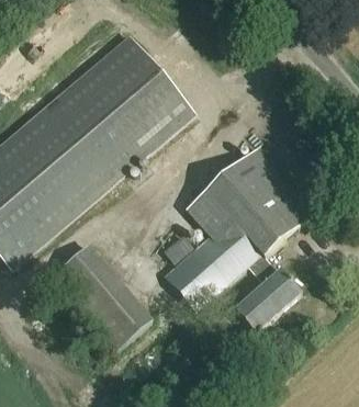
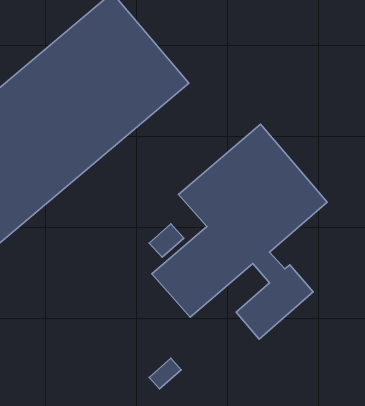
building: [52,240,148,346] -> none

